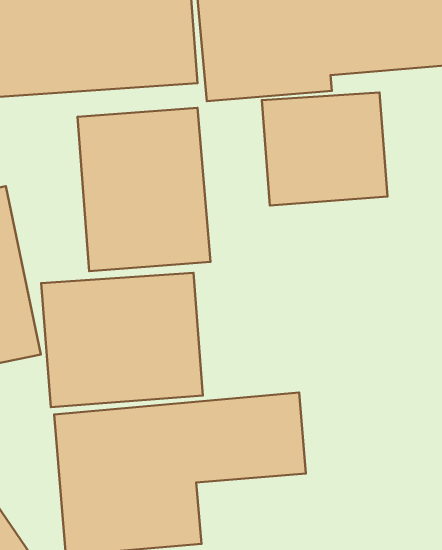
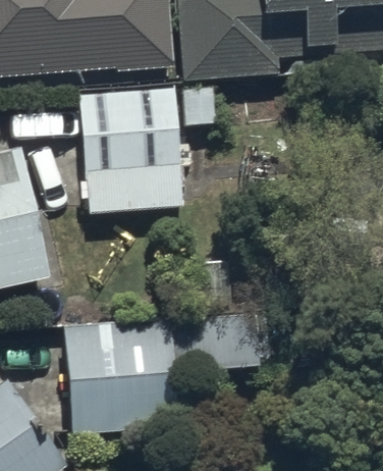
building: [262,92,388,205] -> none
building: [41,273,203,407] -> none

